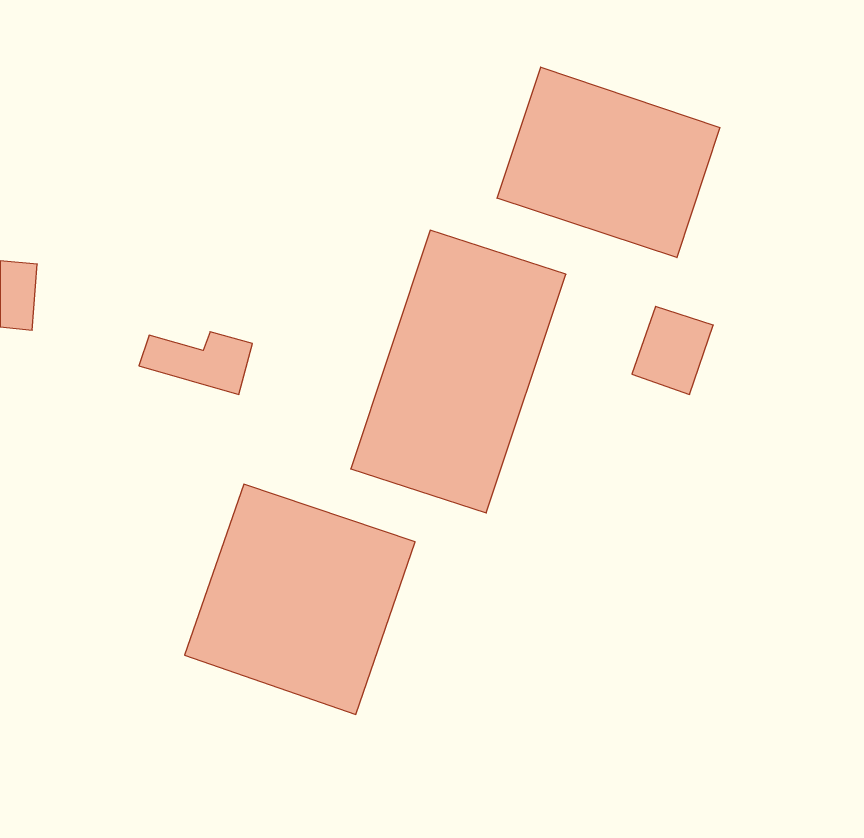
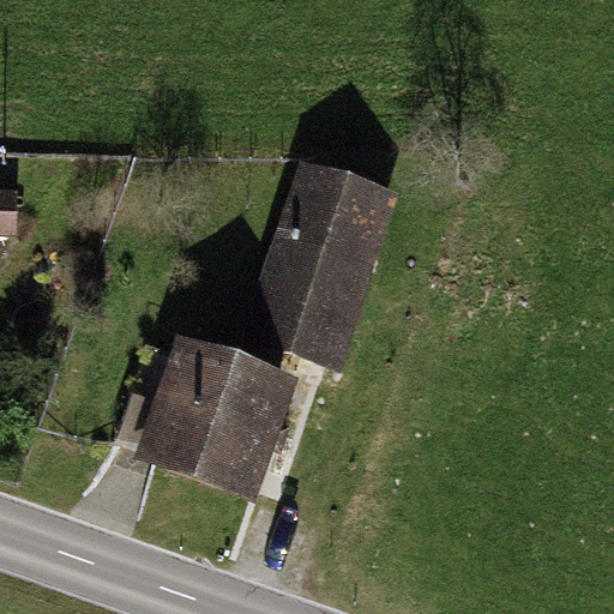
building: [497,67,720,258] -> none

